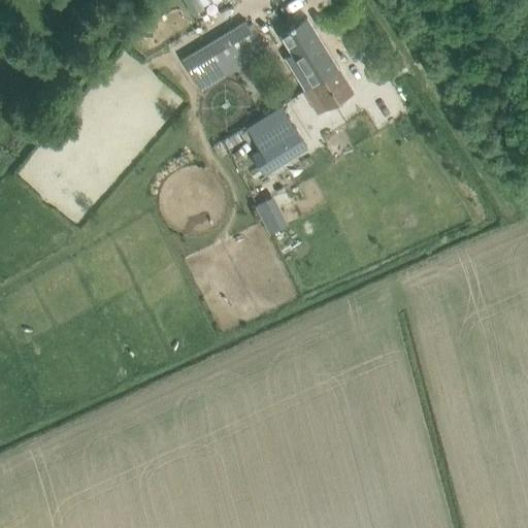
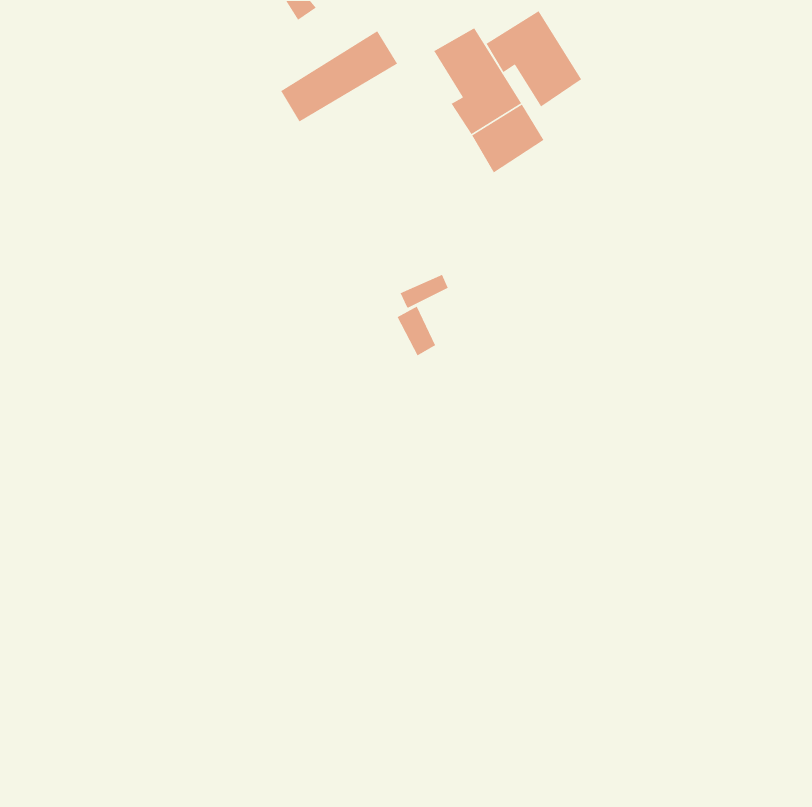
building: none -> [486,10,582,107]
building: [245,108,307,176] -> none

